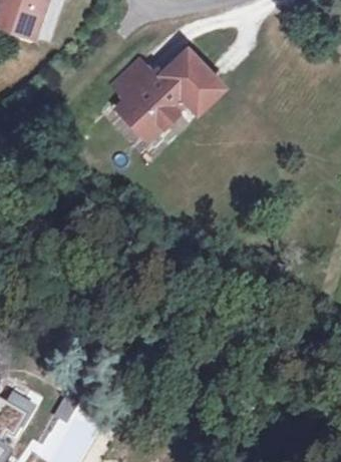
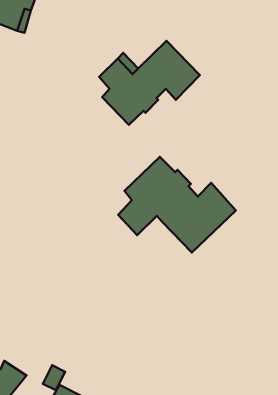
building: none -> [118,157,236,253]

